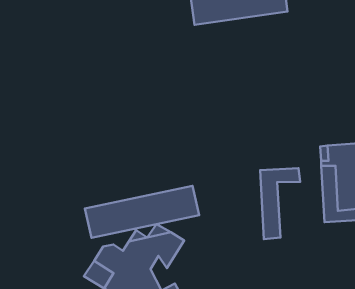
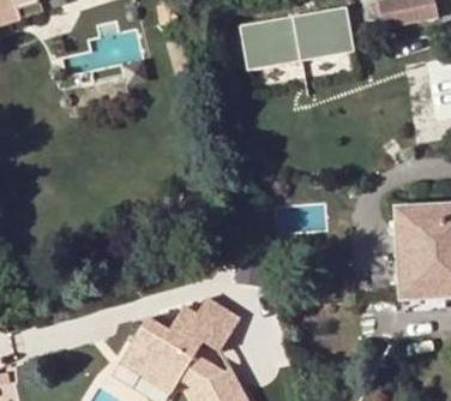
building: [260,168,300,239] -> none
building: [85,186,199,238] -> none

